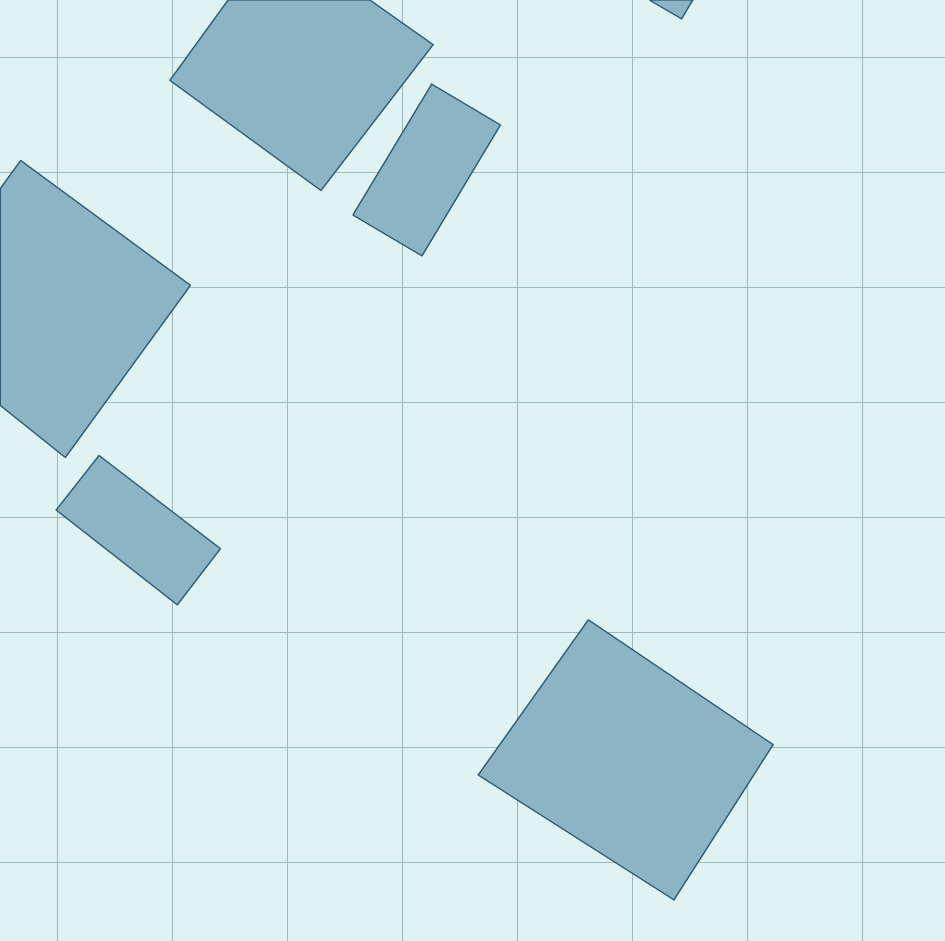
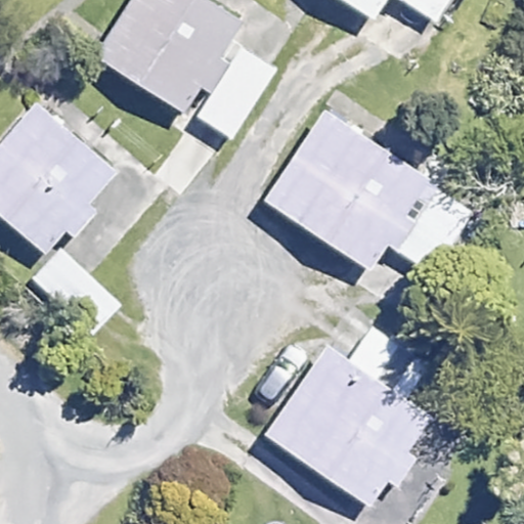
building: none -> [267,113,433,272]

